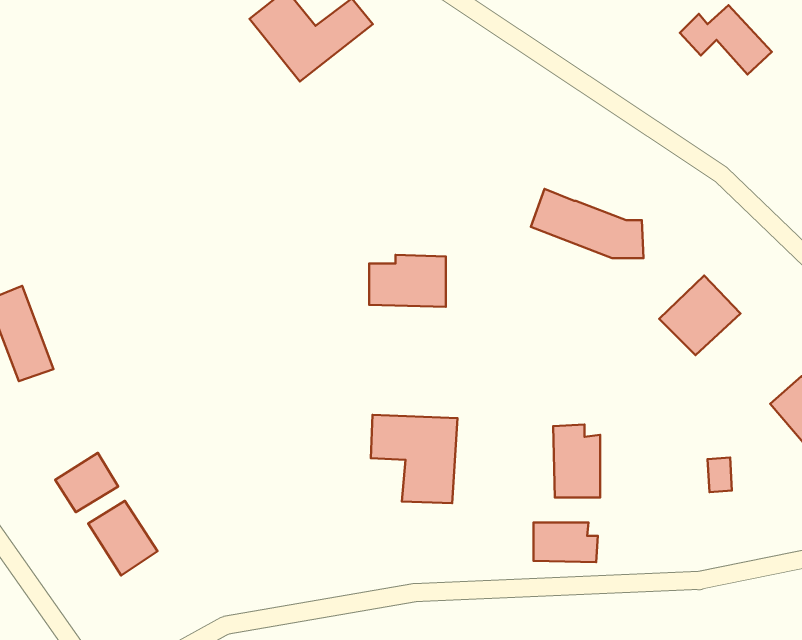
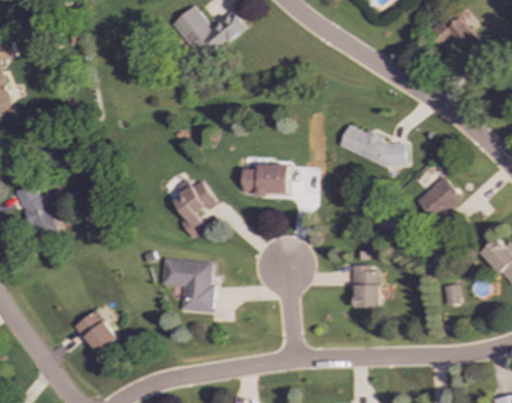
building: none -> [172,179,215,238]
building: [371,415,457,503] -> [162,259,214,311]
building: [55,453,118,512] -> none
building: [534,523,598,562] -> none

